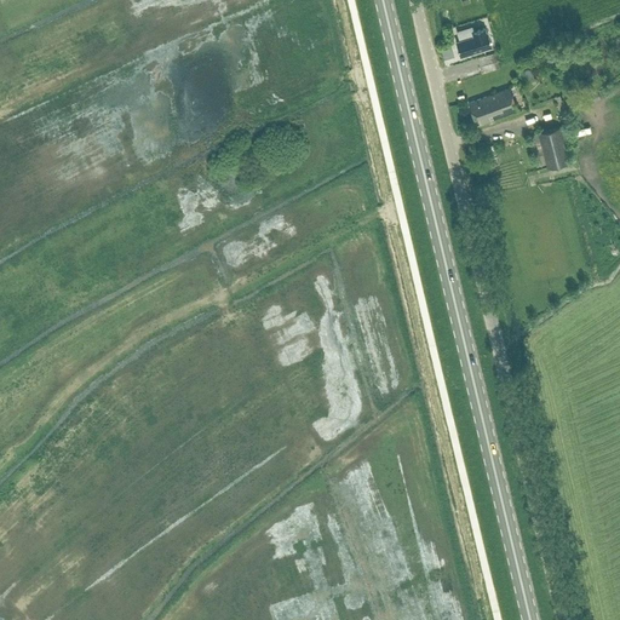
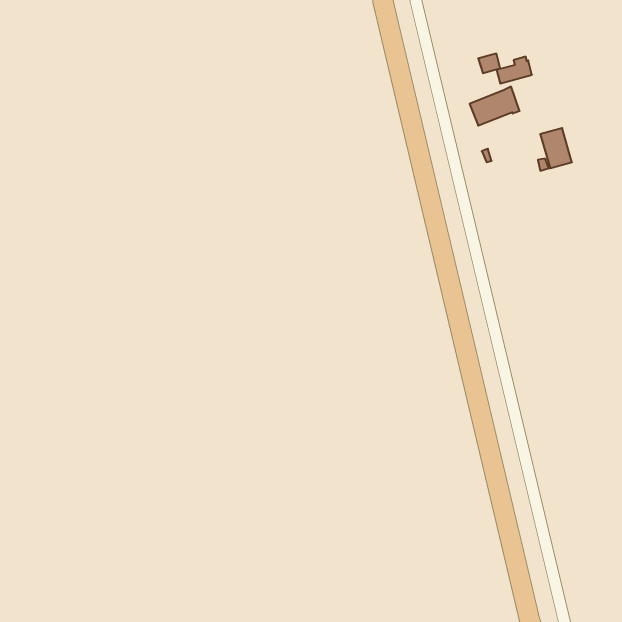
building: [454,29,489,56] -> [496,57,532,83]

